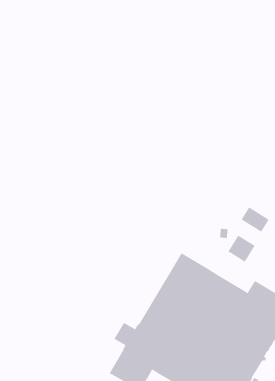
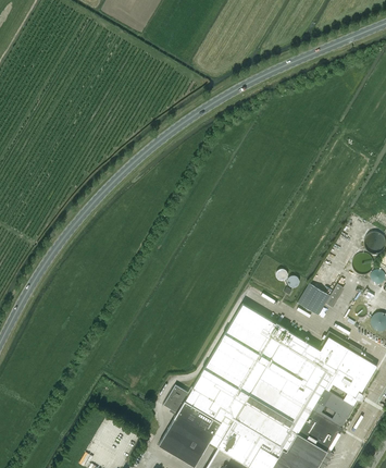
building: [241,206,269,233] -> none

